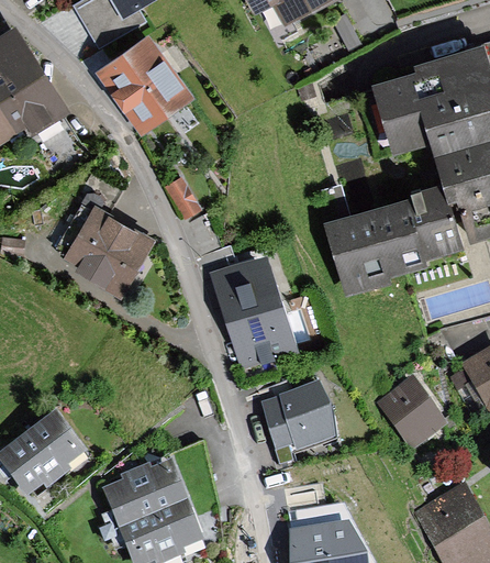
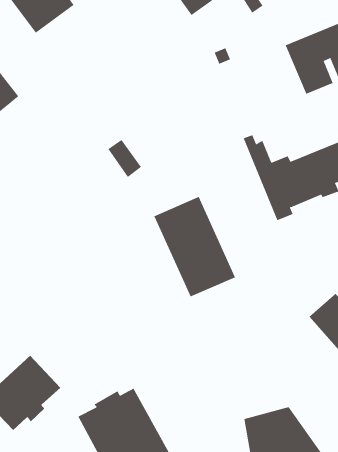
building: [90,29,189,131] -> none
building: [62,205,154,299] -> none
building: [261,383,336,451] -> none

